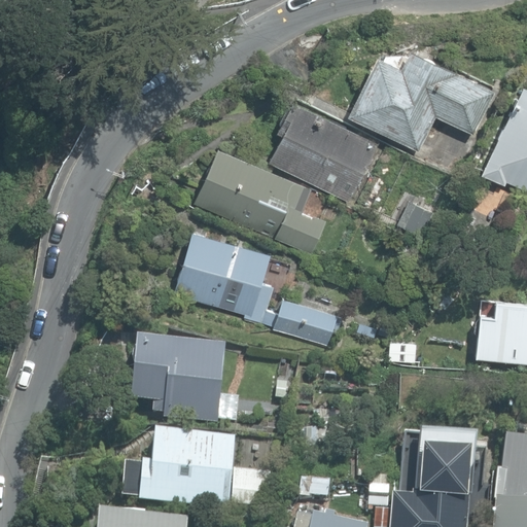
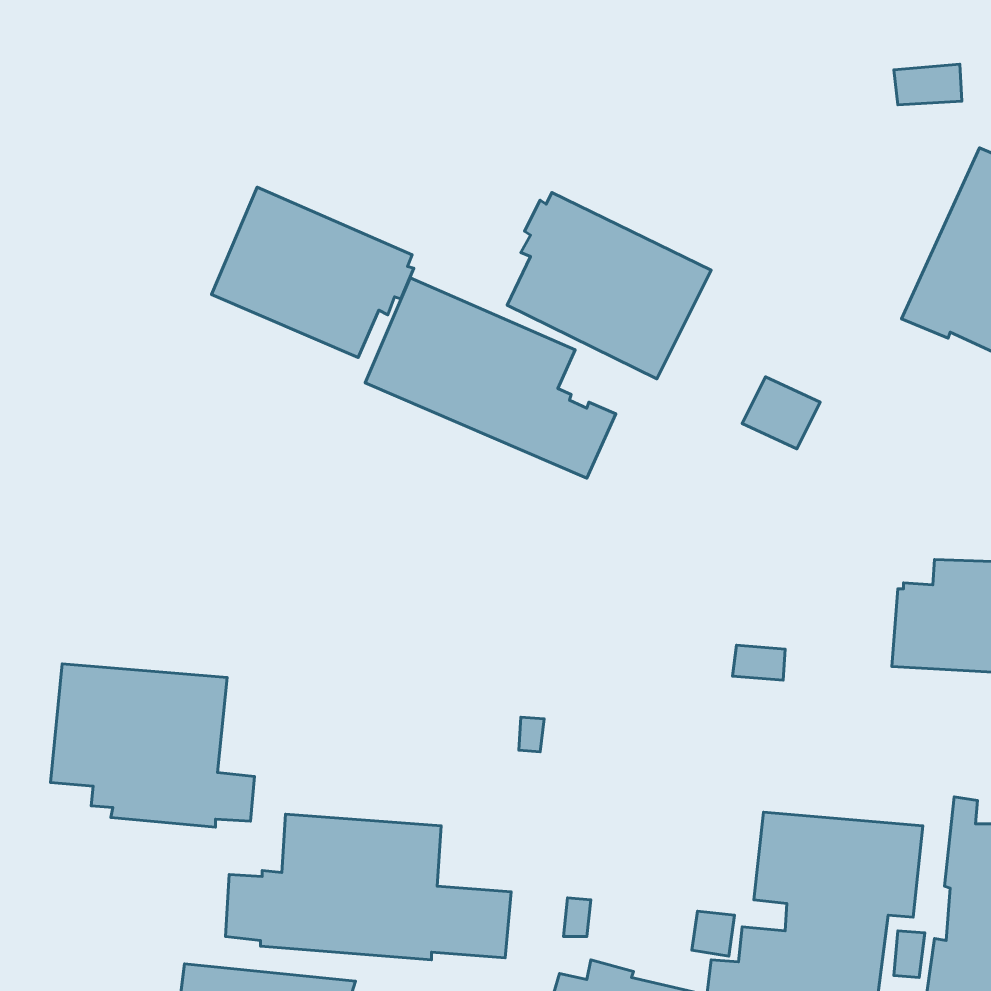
building: [348,42,495,143] -> none
building: none -> [212,187,414,357]
building: [173,231,341,347] -> none
building: [132,339,240,425] -> [50,664,255,827]

